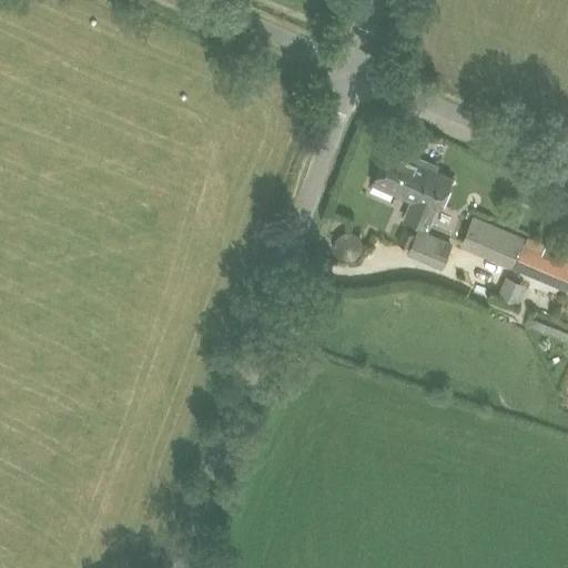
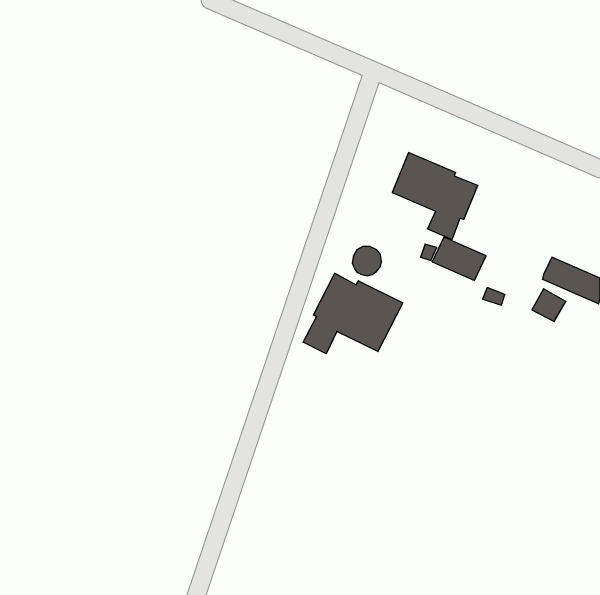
building: [466,224,521,264] -> none
building: none -> [303,273,403,354]

